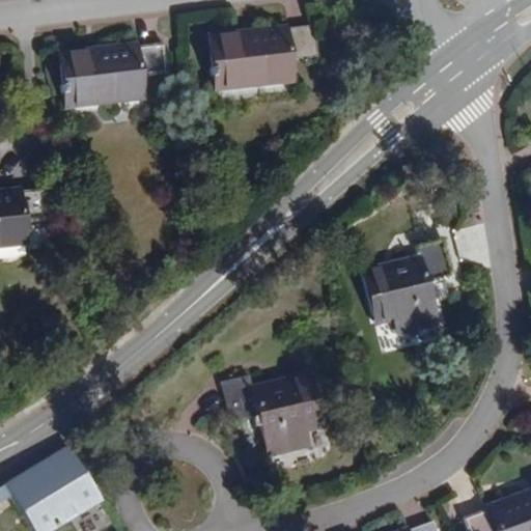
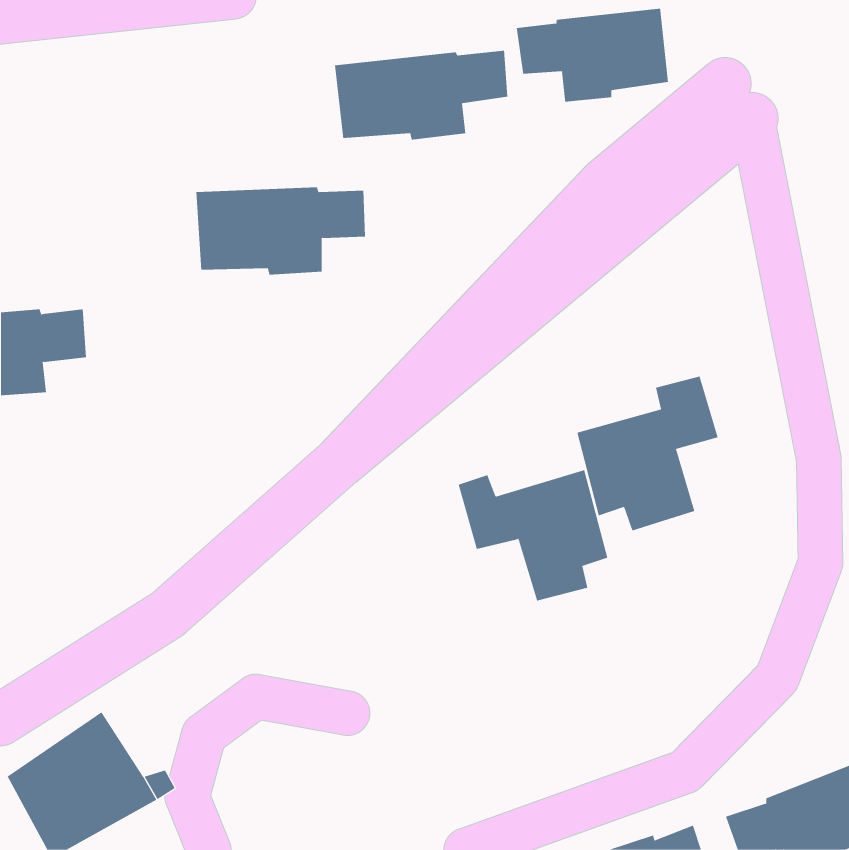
building: none -> [516,8,668,102]
building: [57,53,163,108] -> [195,187,366,275]
building: [231,381,325,463] -> [458,469,608,601]

